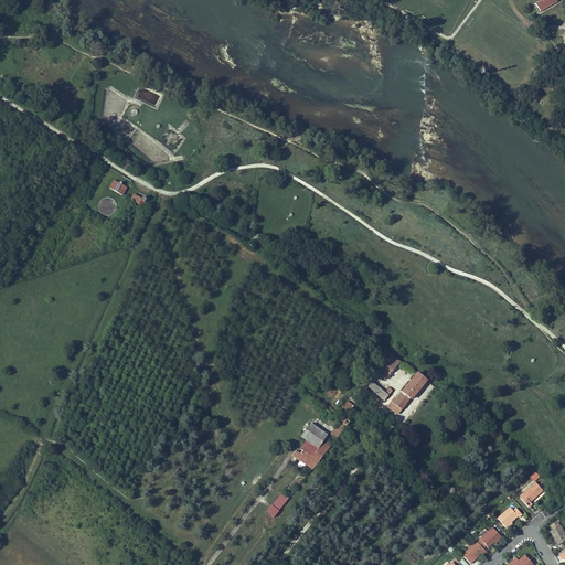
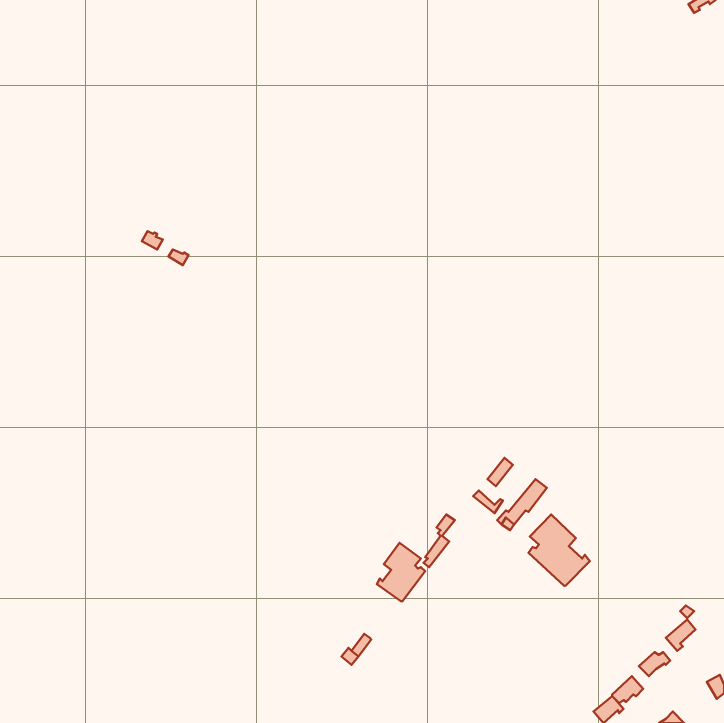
building: none -> [528,515,590,586]

